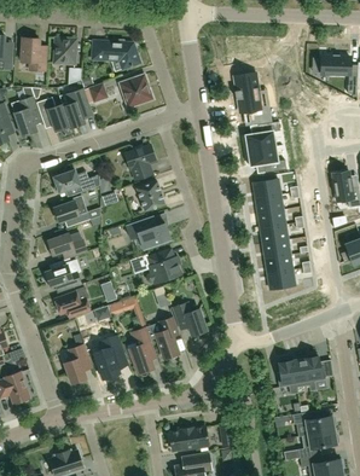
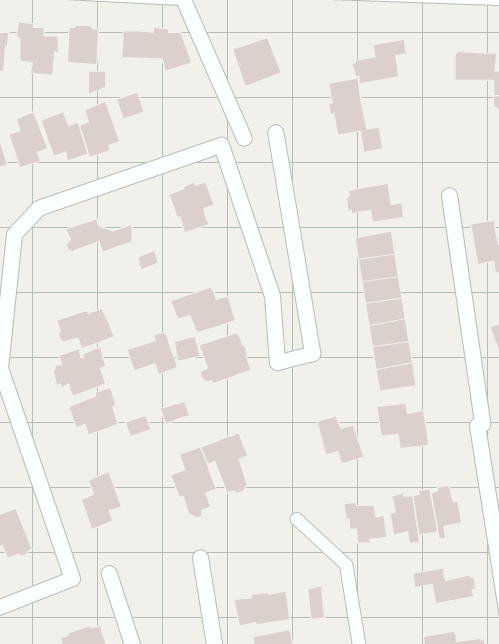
building: [120,75,153,109] -> [232,37,282,87]
building: [243,121,280,151] -> [352,40,406,84]
building: [137,181,164,211] -> none
building: [54,196,89,225] -> [127,332,178,374]
building: none -> [377,403,429,449]
building: [174,303,207,336] -> [317,416,364,464]
building: [93,336,127,379] -> none
building: none -> [344,502,387,543]
building: [298,430,338,458] -> none

